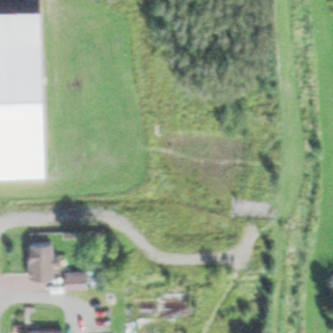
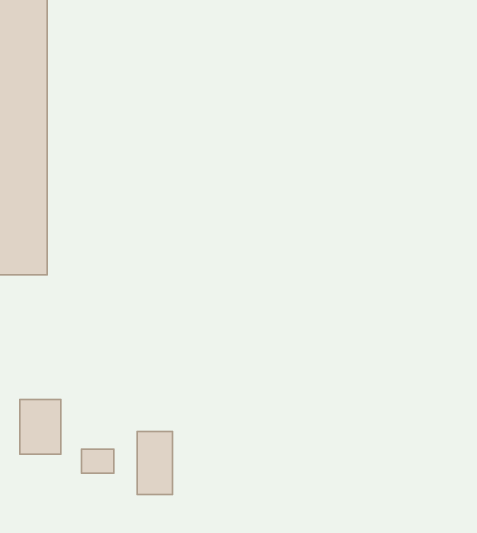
building: none -> [137,432,172,494]

